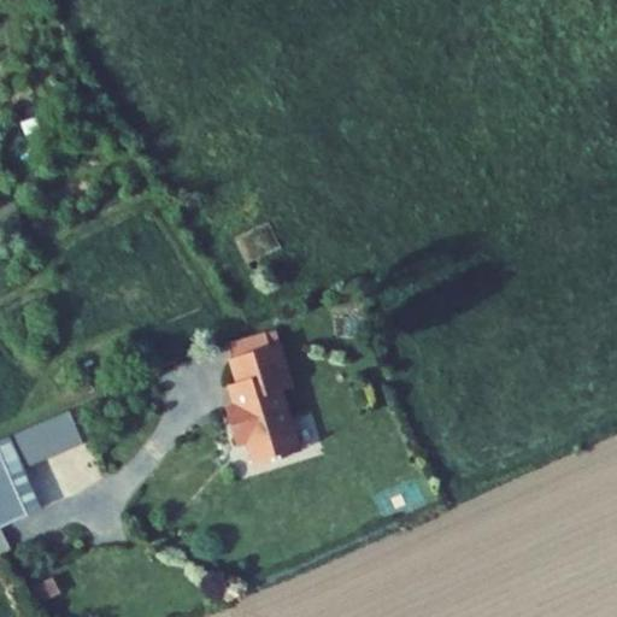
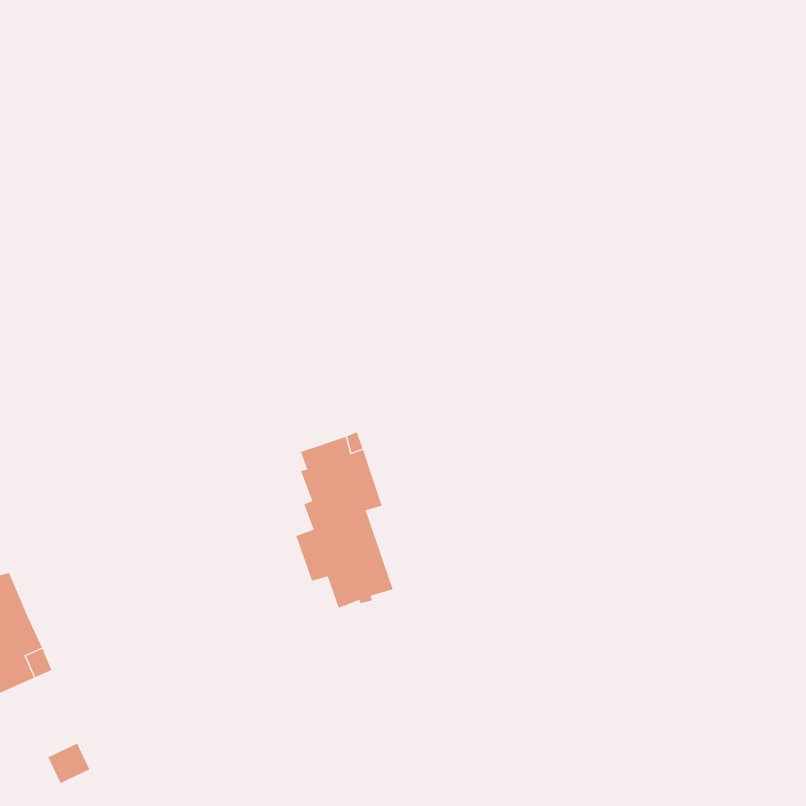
building: [7,411,80,469] -> none

